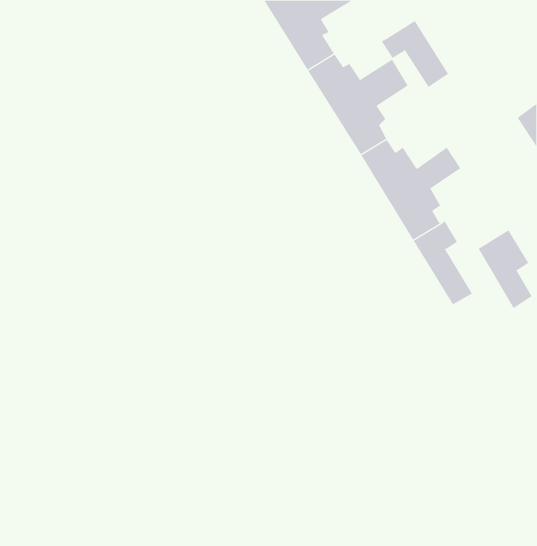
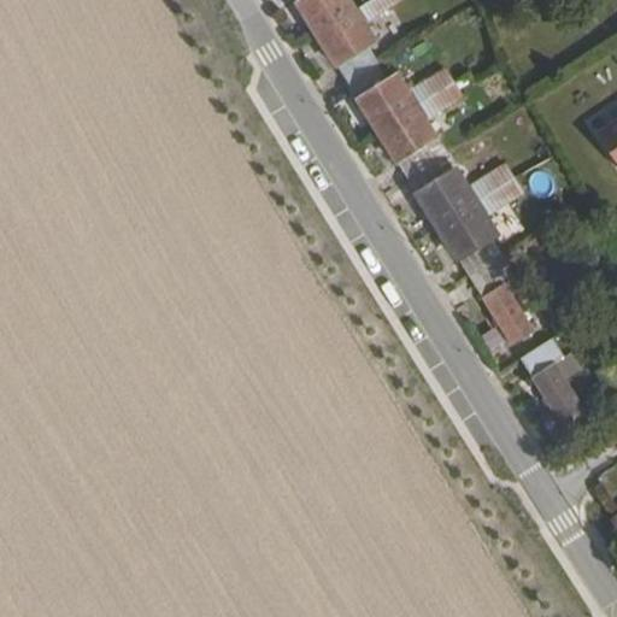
building: [381,20,449,88] -> none
building: [478,230,532,309] -> [519,335,581,424]

